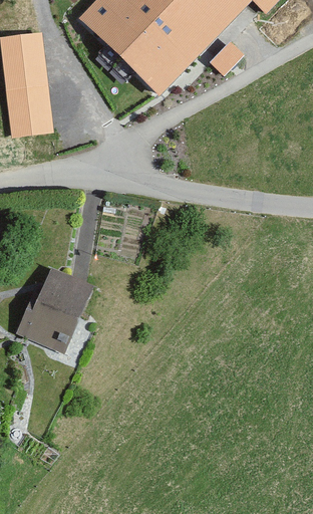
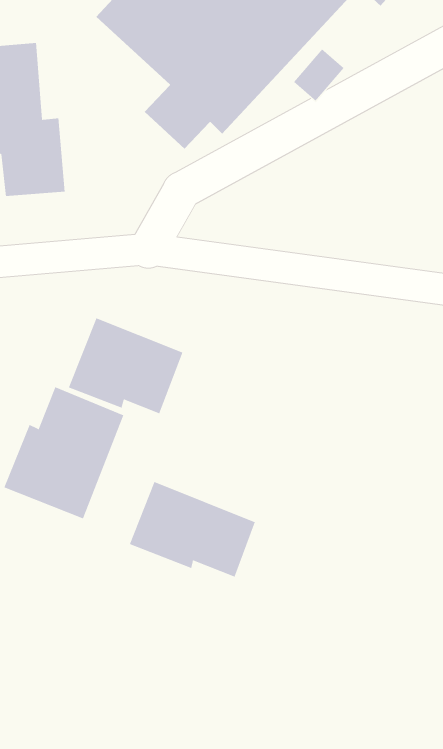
building: none -> [68,317,183,414]
building: none -> [129,481,256,577]

